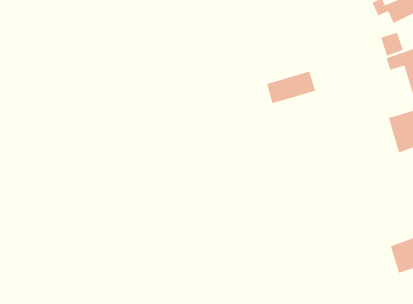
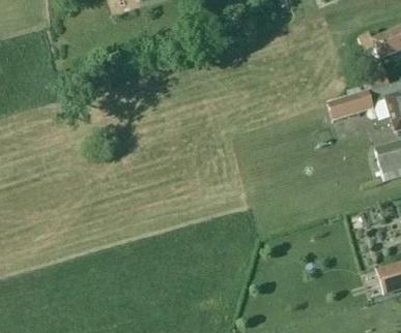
building: [266,71,316,104] -> [328,87,376,119]

